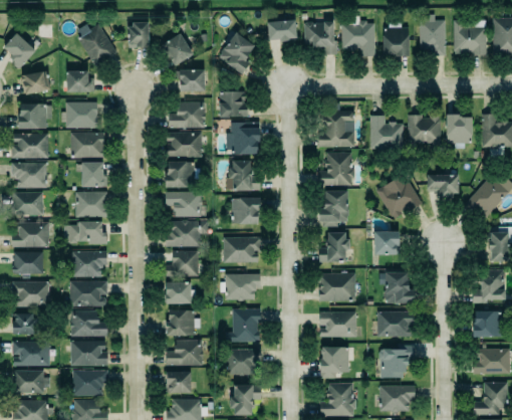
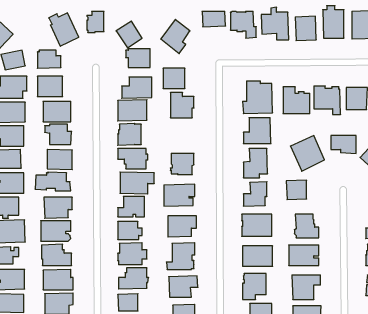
building: [226,160,259,189] -> none

